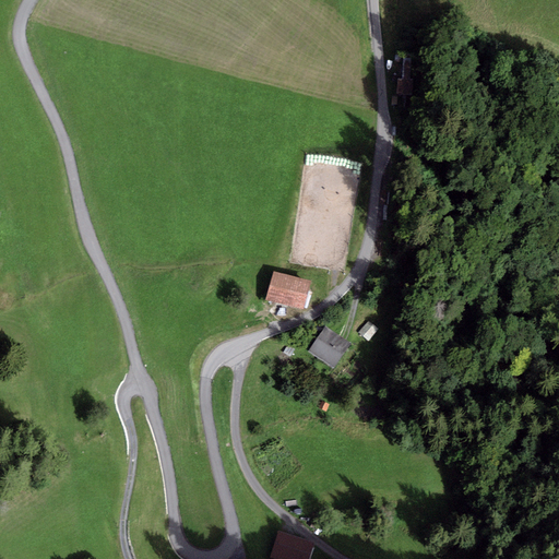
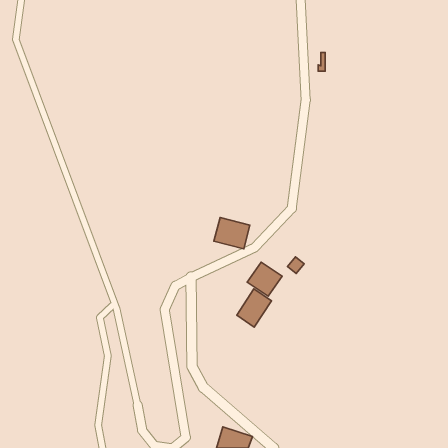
building: none -> [237,289,271,327]

